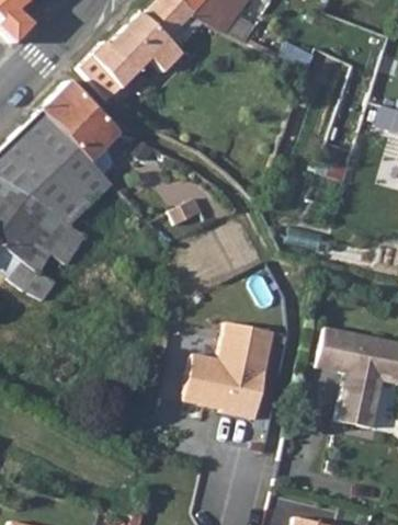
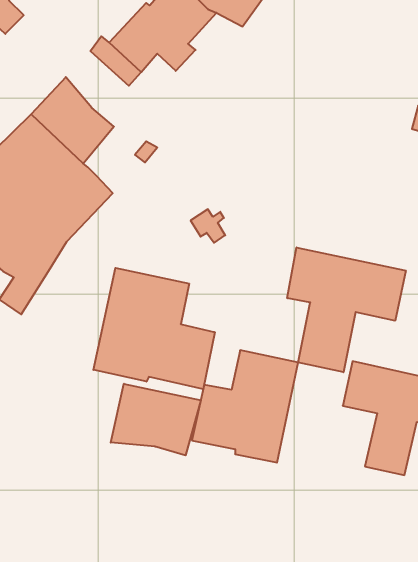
building: none -> [287,247,406,372]
building: none -> [93,268,215,389]
building: none -> [111,384,201,455]

